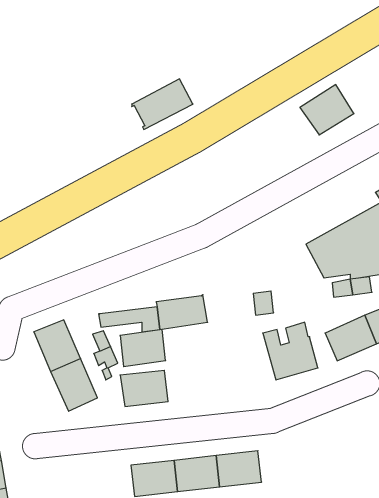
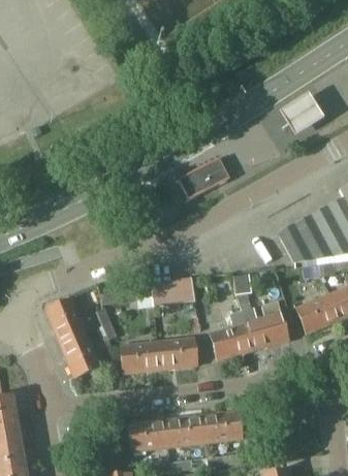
building: [132,79,193,129] -> [178,157,230,200]
building: [120,329,166,367] -> [158,337,197,369]
building: none -> [211,310,254,359]

